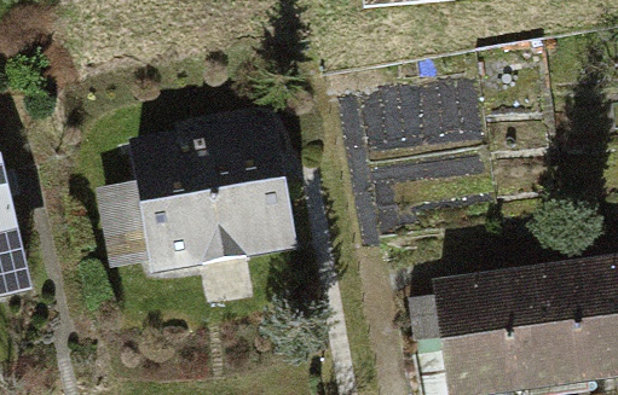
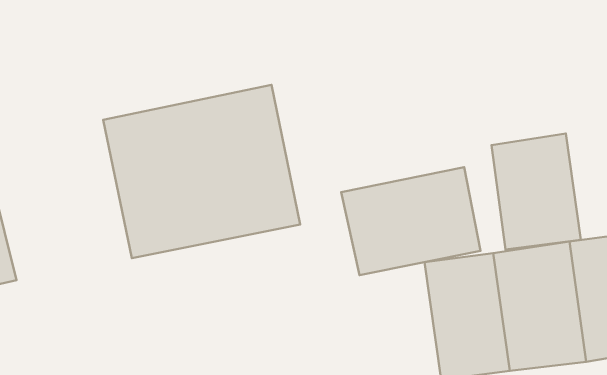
building: none -> [491,133,581,250]
building: none -> [341,167,480,275]

